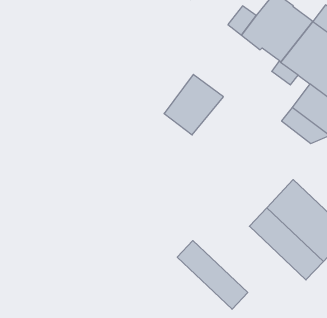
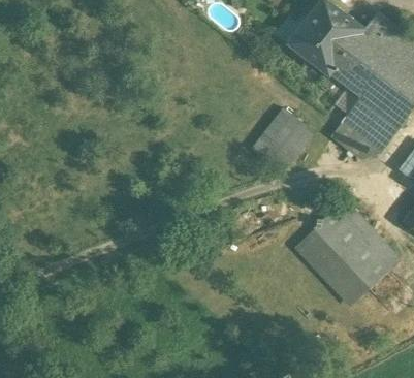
building: [164,74,223,135] -> [252,108,315,172]
building: [177,241,248,309] -> none

